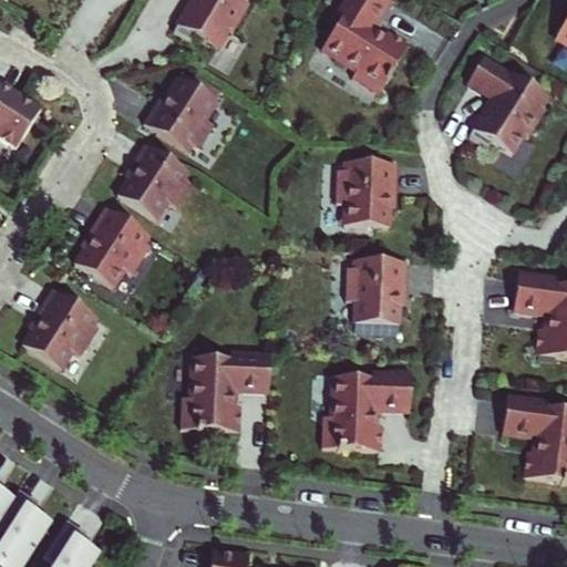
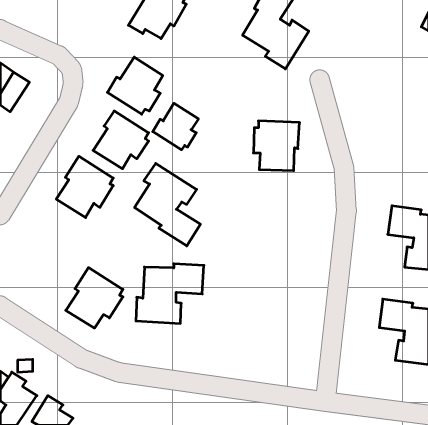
building: [468,56,550,154] -> none
building: none -> [153,103,198,150]
building: none -> [135,163,200,246]
building: [344,257,405,323] -> none
building: [23,288,99,368] -> [66,268,123,328]
building: [320,354,409,432] -> none

